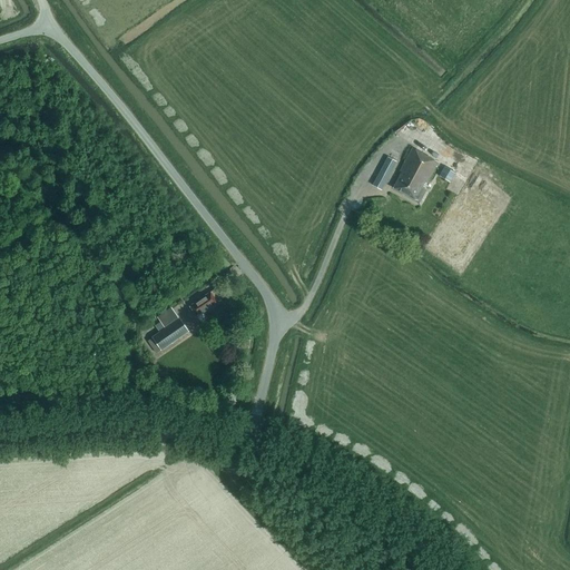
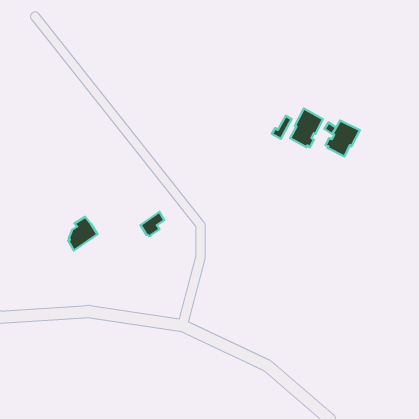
building: none -> [326,120,360,156]
building: [149,307,189,353] -> [68,217,98,250]

